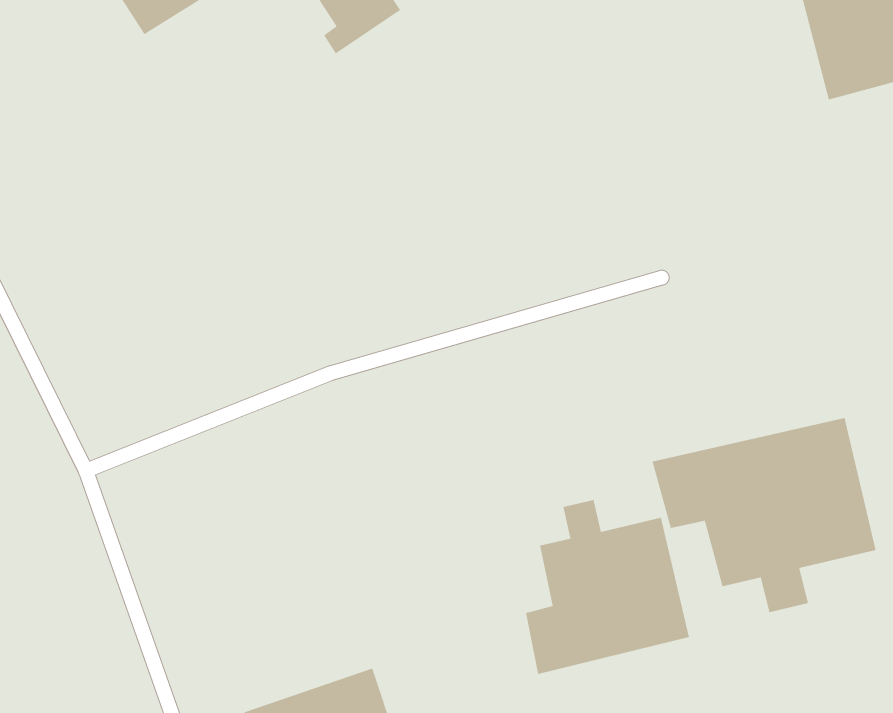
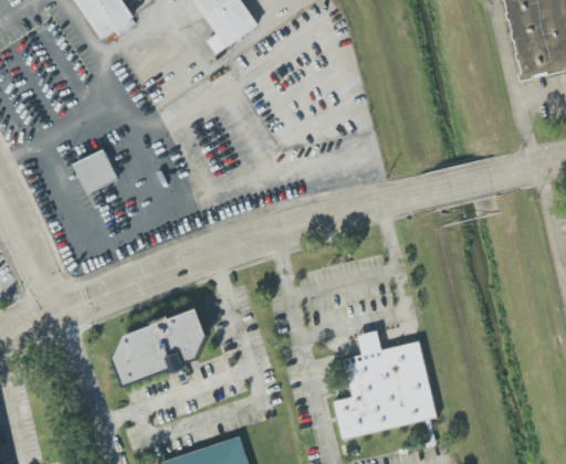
building: none -> [74,148,119,192]
building: [651,417,877,613] -> none
building: none -> [114,307,209,386]

